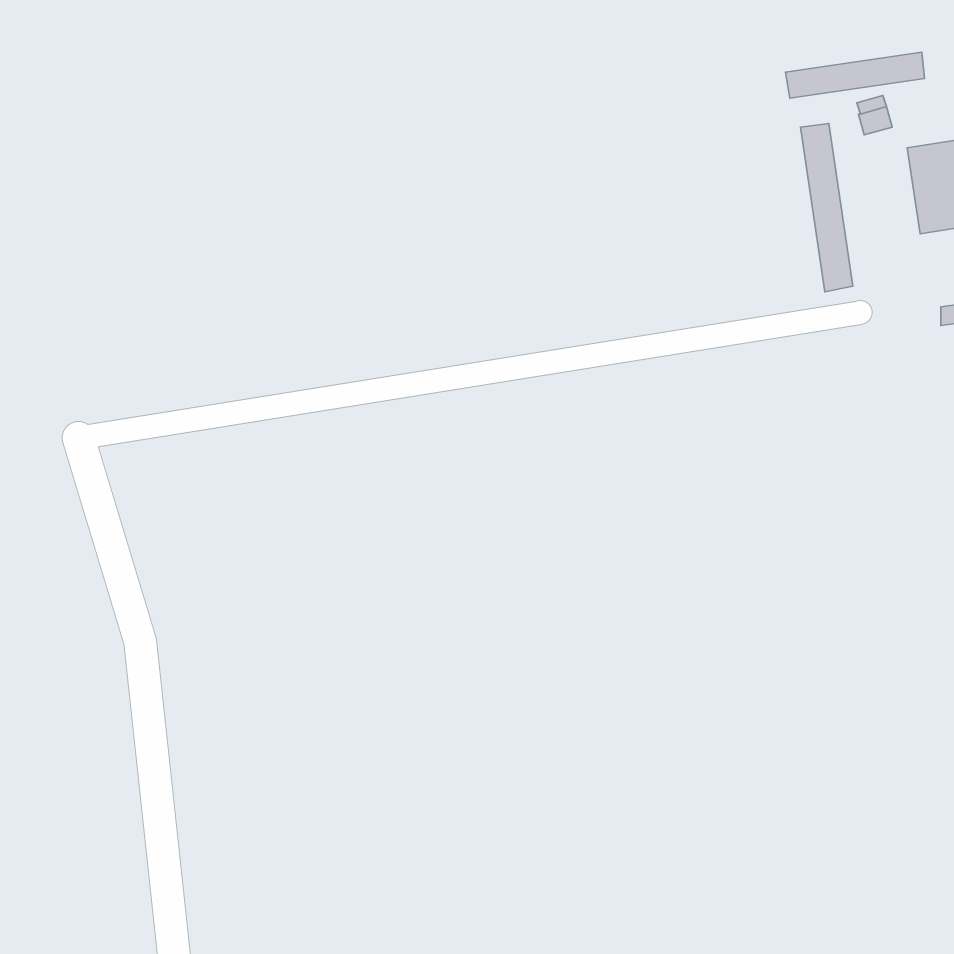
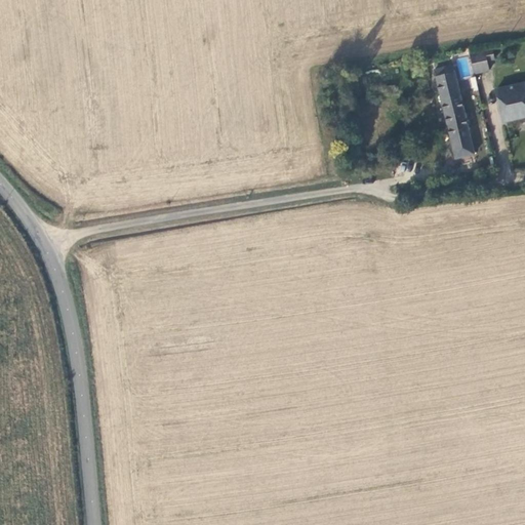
building: [786,52,924,98] -> none

